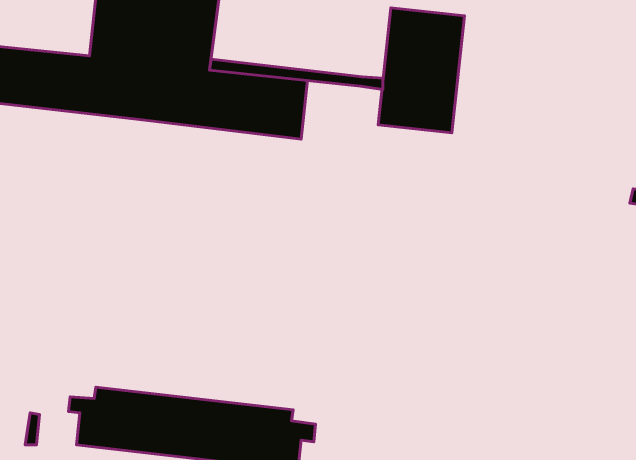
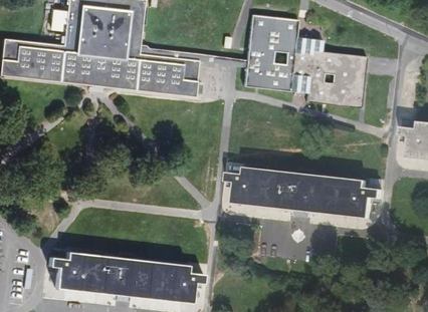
building: none -> [290,37,366,107]
building: none -> [228,168,384,220]

